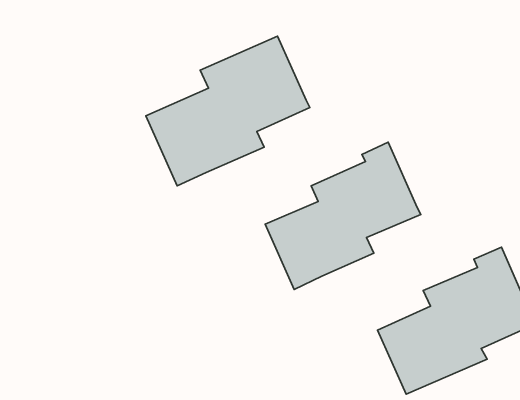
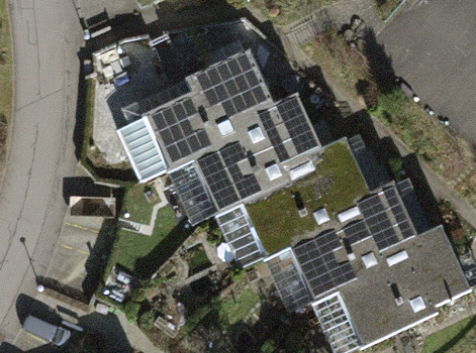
building: none -> [188,92,321,216]
building: none -> [285,181,415,303]

